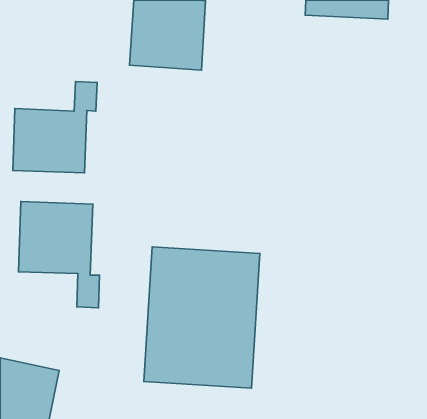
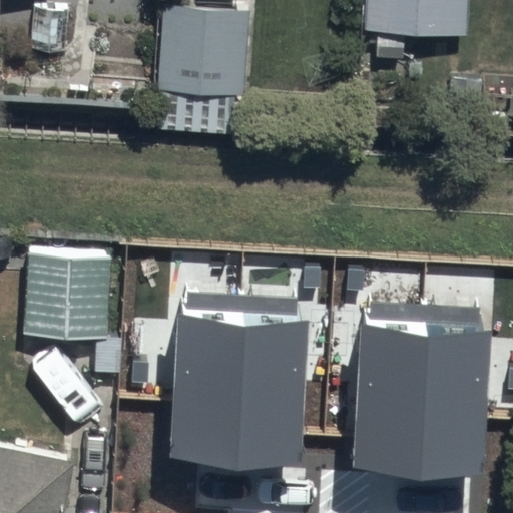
building: [13,82,97,173] -> none
building: none -> [353,319,486,487]

